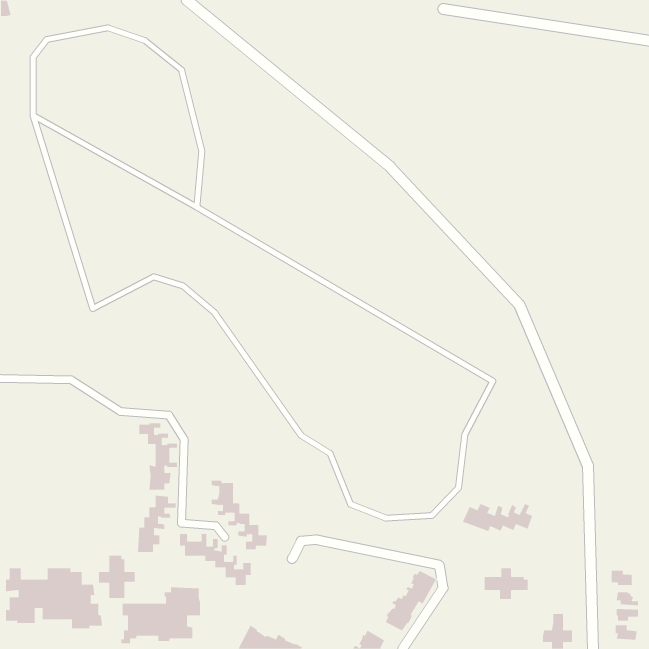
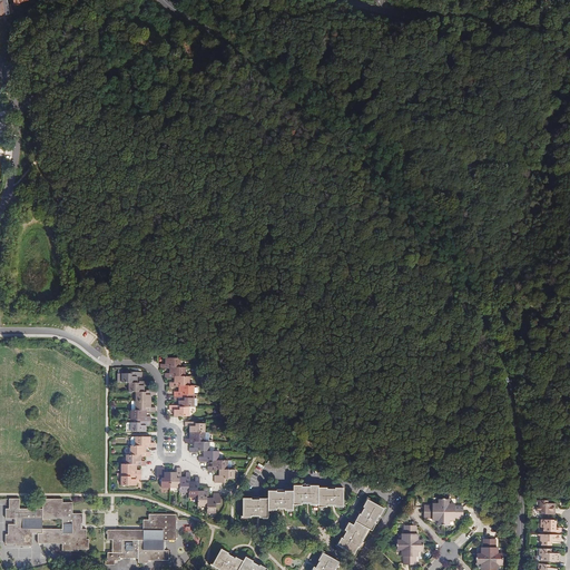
building: none -> [160,356,195,415]
building: [462,503,533,532] -> none
building: [98,555,135,599] -> none
building: none -> [243,487,345,518]
building: none -> [396,524,423,563]

